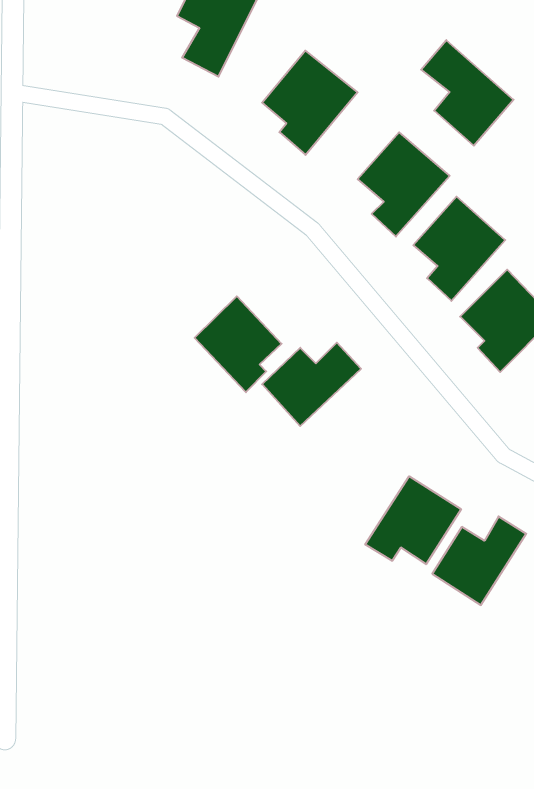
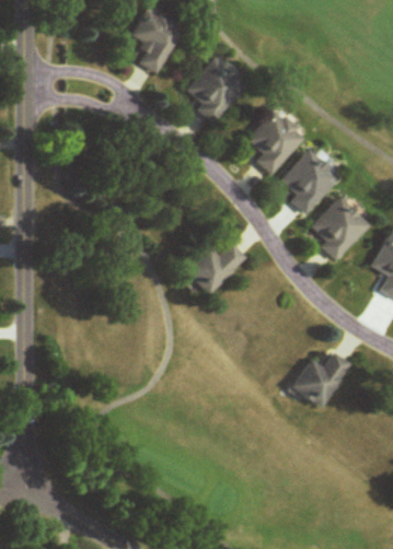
building: [421,40,514,146] -> none
building: [195,296,282,392] -> none
building: [365,476,461,564] -> none

